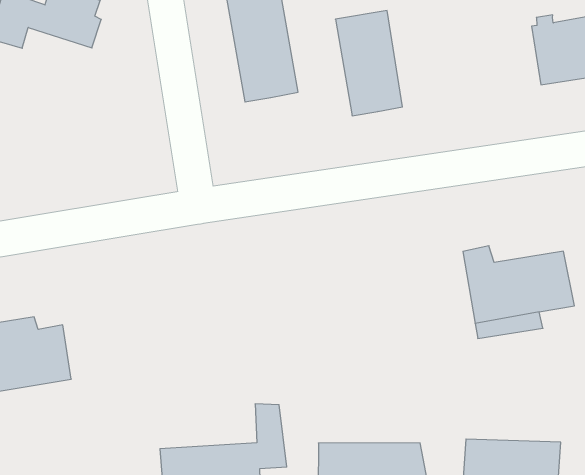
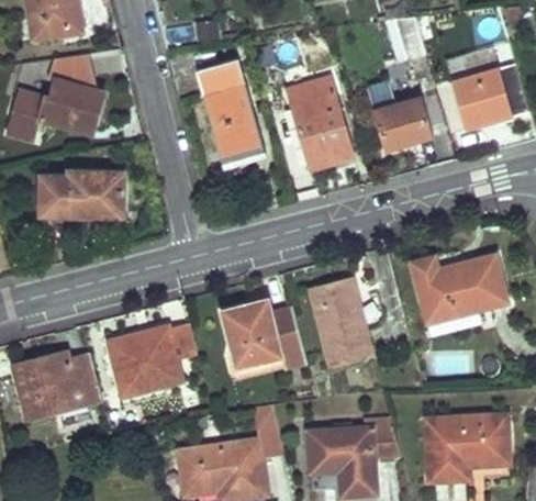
building: none -> [375,94,428,142]
building: none -> [45,168,120,213]
building: none -> [310,285,369,366]
building: none -> [222,303,304,370]
building: none -> [108,325,196,396]

